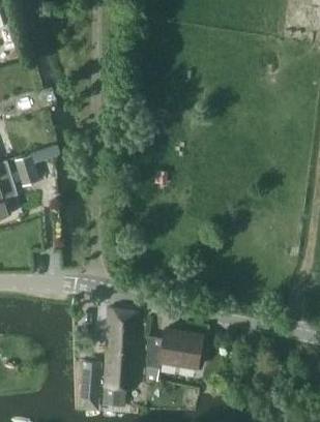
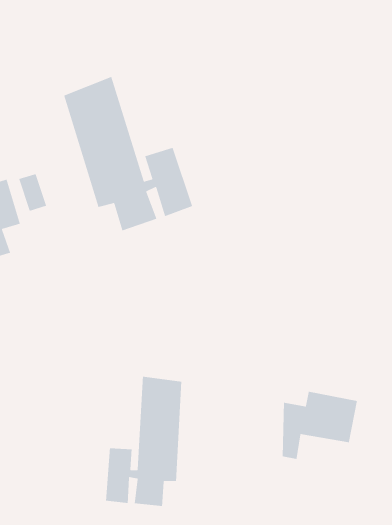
building: none -> [63,76,193,232]
building: [147,327,204,379] -> [282,391,358,460]

